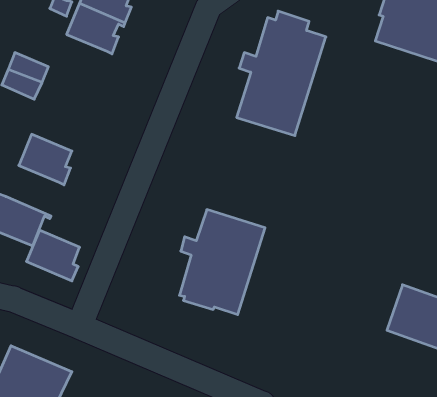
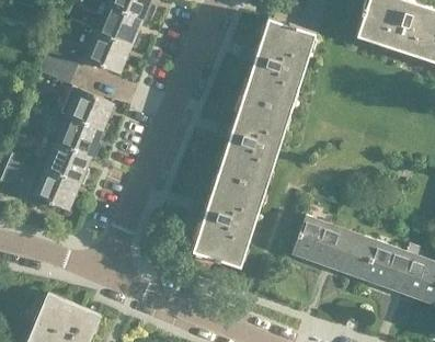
building: none -> [84,32,130,73]
building: none -> [60,87,112,130]
building: none -> [215,102,289,195]
building: [26,230,80,281] -> [45,143,90,185]
building: none -> [293,217,380,282]

